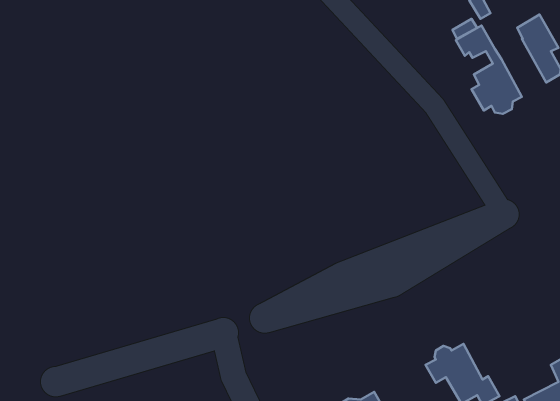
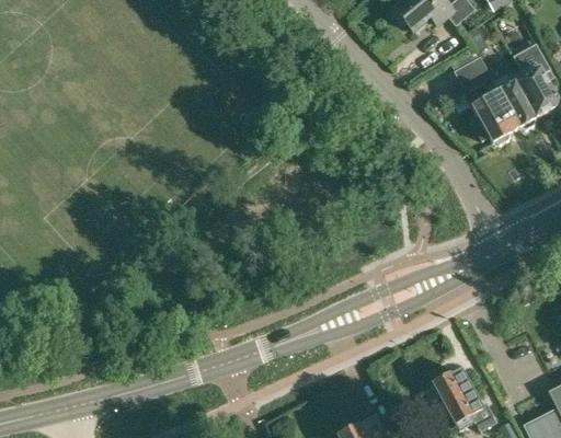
building: none -> [492,71,542,130]

